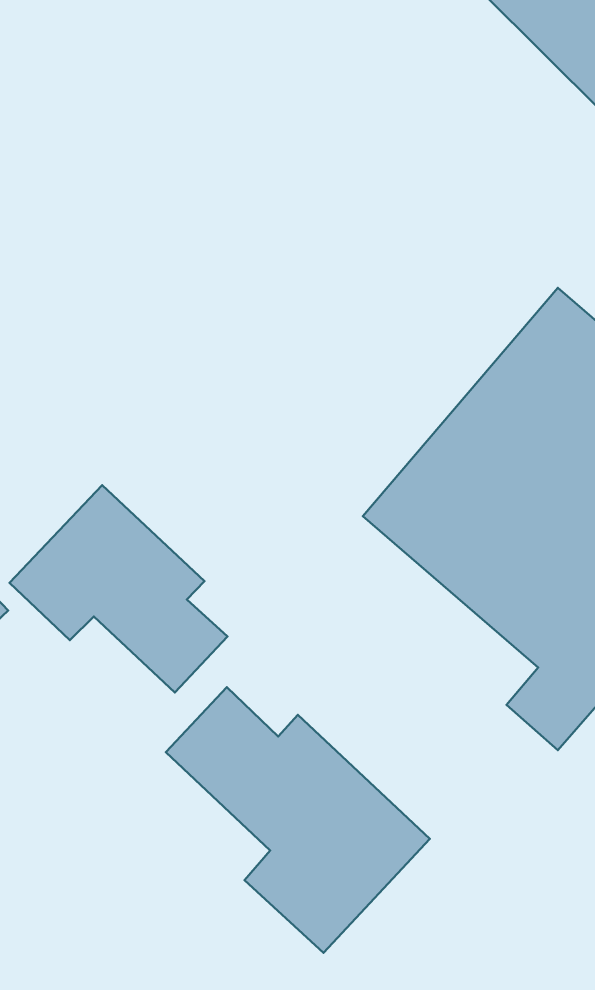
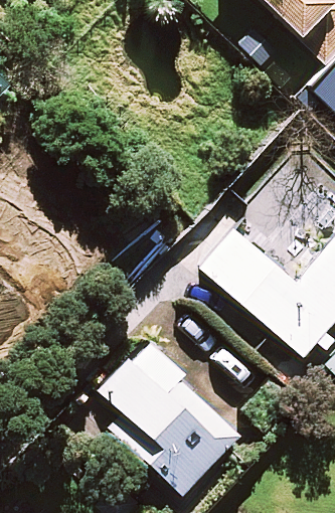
building: [10,485,228,692] -> none

